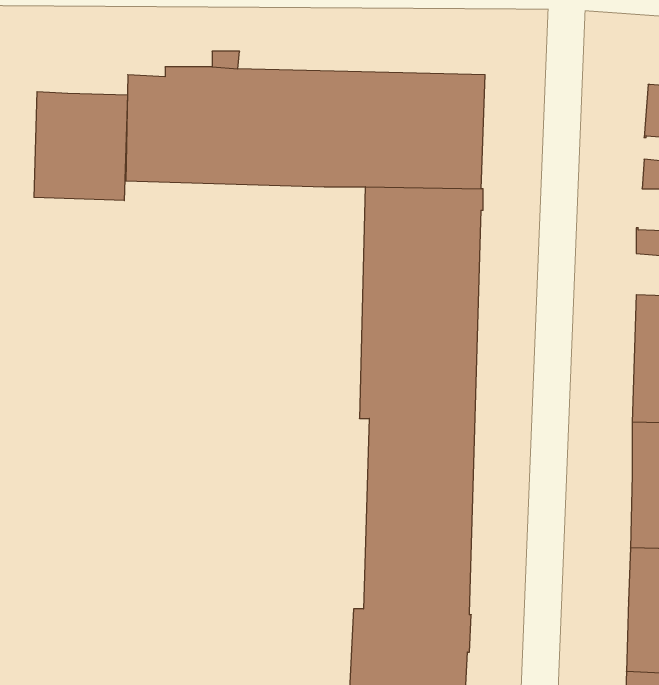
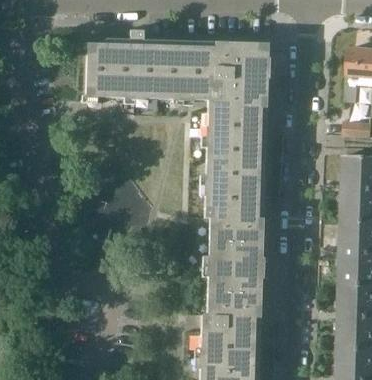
building: [34,92,127,201] -> none

